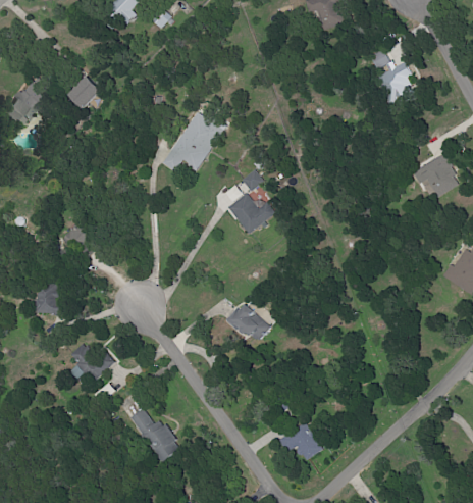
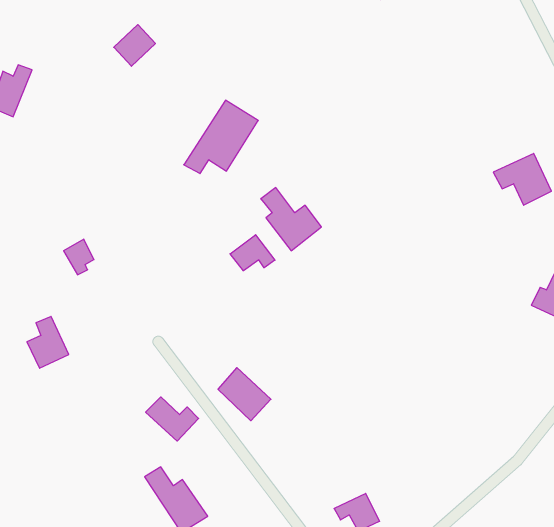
building: [370,48,417,102] -> none
building: [66,74,100,108] -> [114,25,155,66]
building: none -> [230,235,275,271]
building: [227,301,270,344] -> [218,368,271,421]
building: [69,344,112,380] -> [146,397,199,441]

